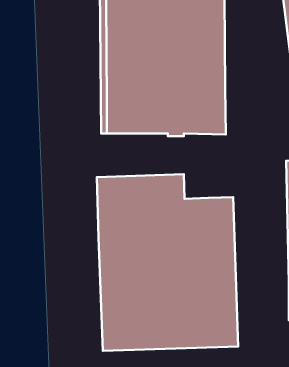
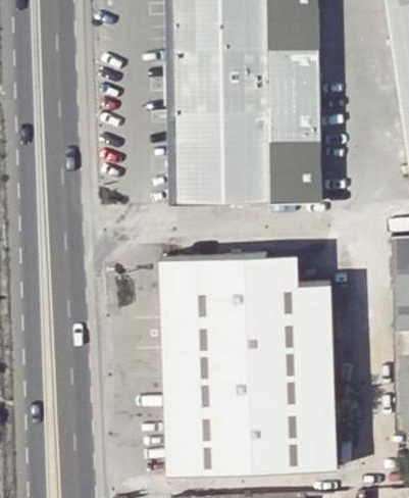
building: none -> [269,252,300,284]

